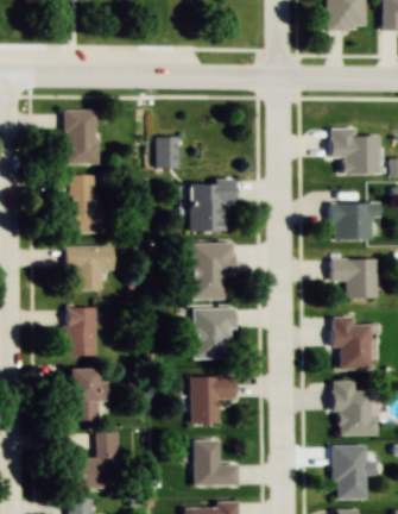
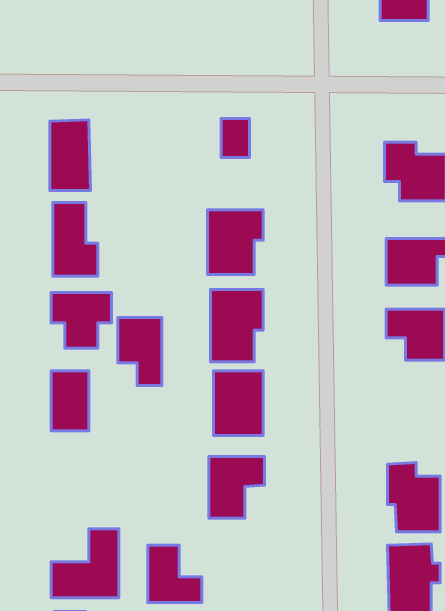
building: [156,137,178,168] -> [221,118,250,158]
building: none -> [118,317,162,386]
building: [331,316,371,369] -> none
building: [68,368,106,420] -> none
building: [195,439,238,484] -> [148,545,202,602]

